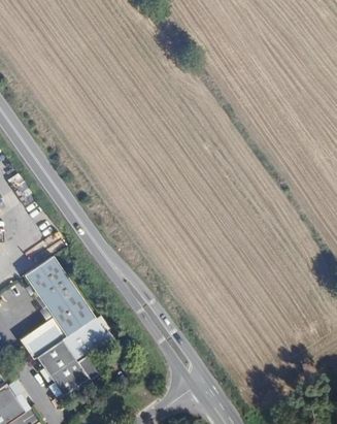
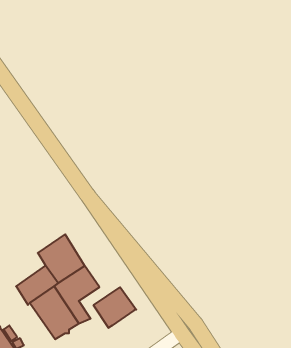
building: [23,255,72,304] -> none
building: none -> [94,287,136,328]

